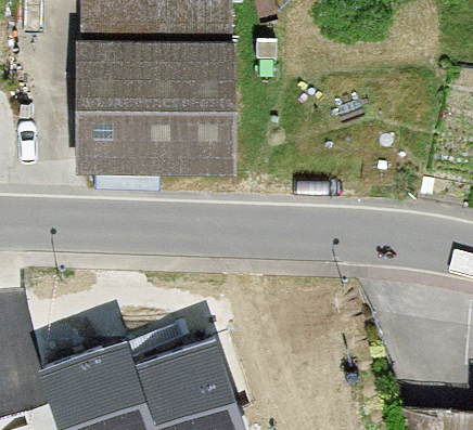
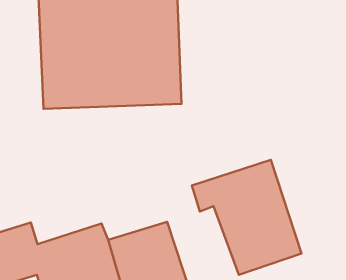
building: none -> [192,160,301,275]

